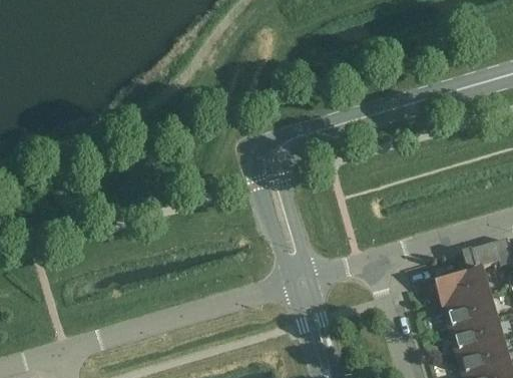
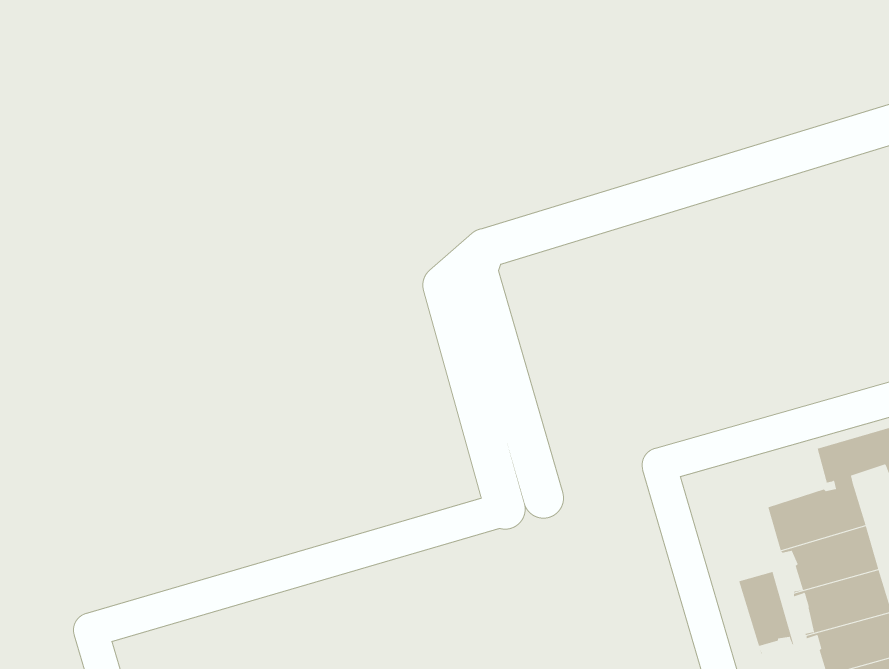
building: none -> [739,571,794,655]

